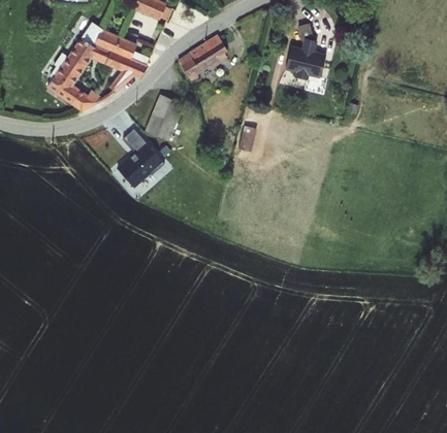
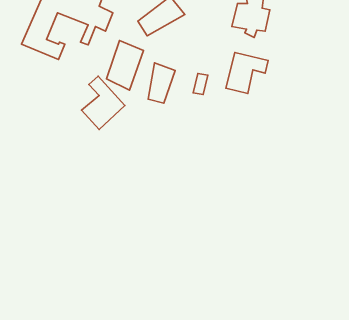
building: none -> [226,52,268,93]
building: none -> [148,63,175,103]

